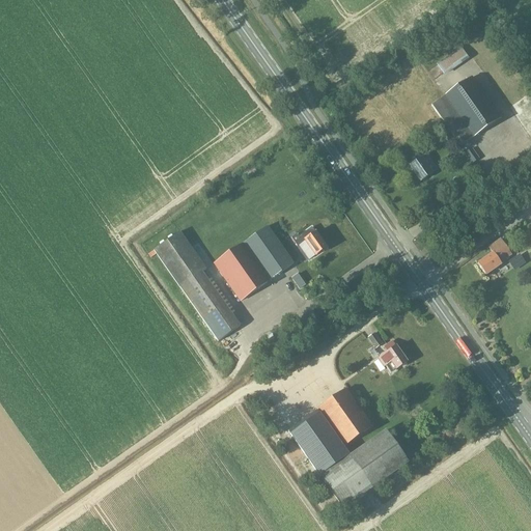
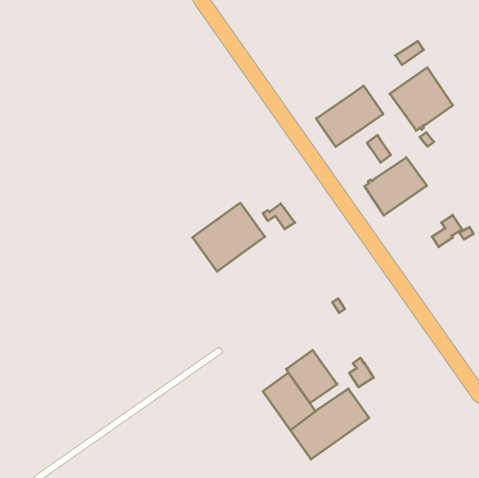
building: none -> [316,86,383,147]
building: none -> [365,157,427,215]
building: [153,230,240,340] -> none
building: [380,338,407,370] -> [349,358,374,387]

